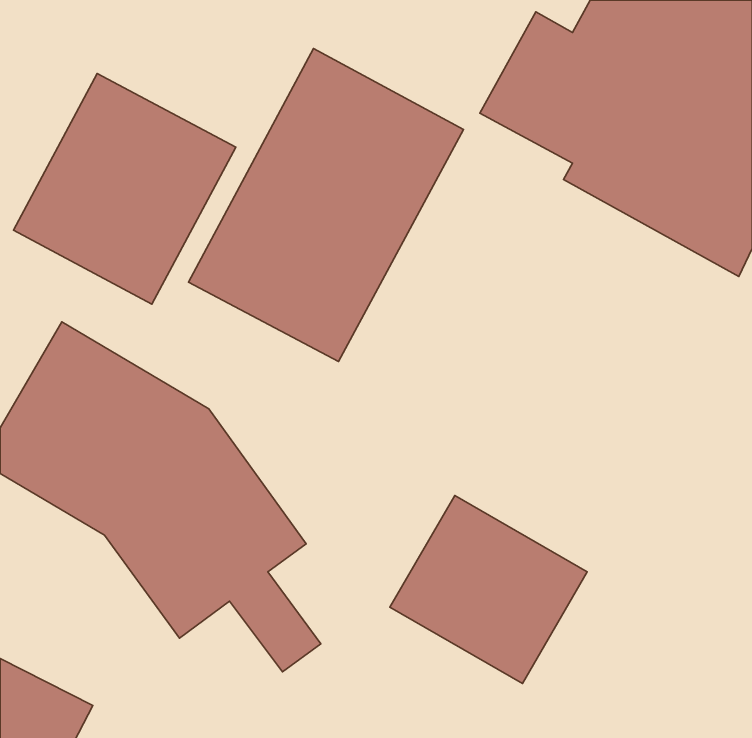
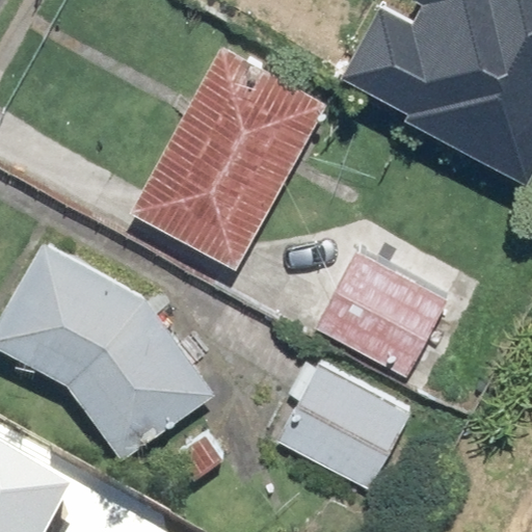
building: [13,74,236,304] -> none
building: none -> [313,251,447,380]

